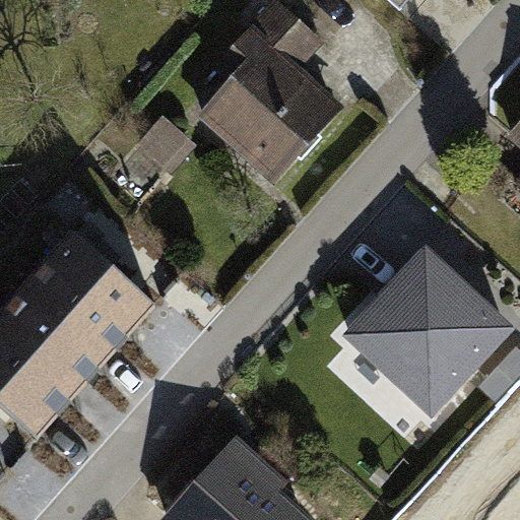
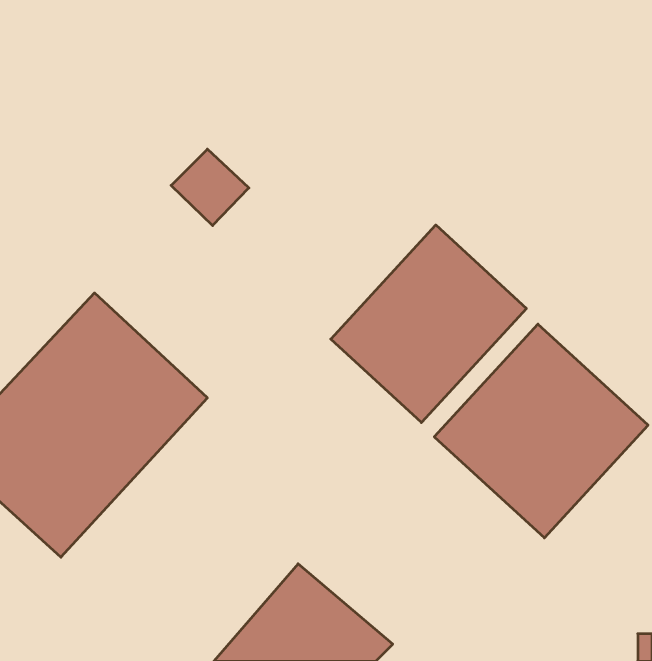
building: [181,22,338,177] -> none
building: none -> [331,225,526,423]

